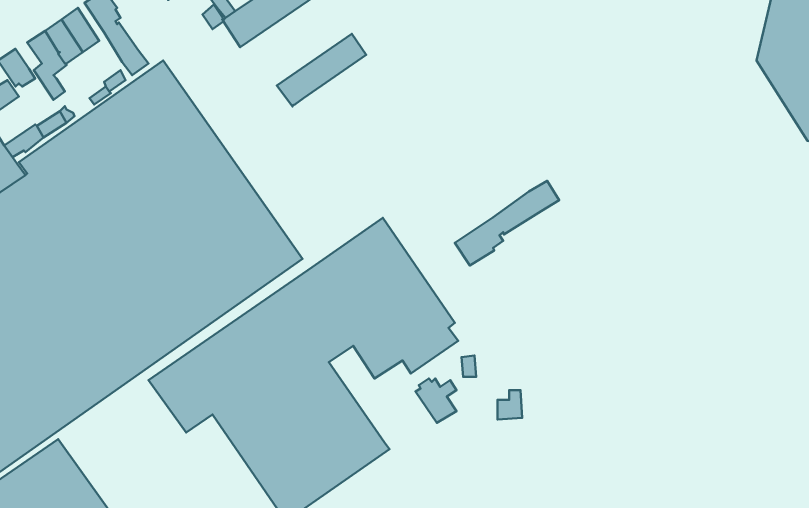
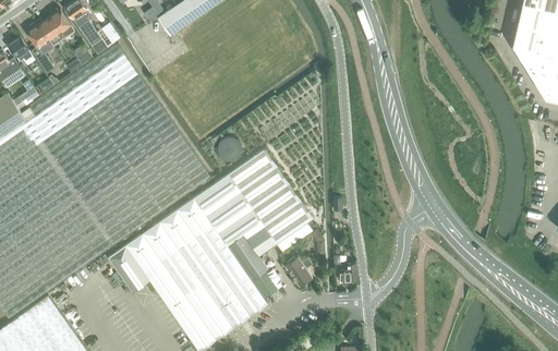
building: [277,34,366,107] -> none
building: [455,181,559,265] -> none
building: none -> [228,234,277,299]

